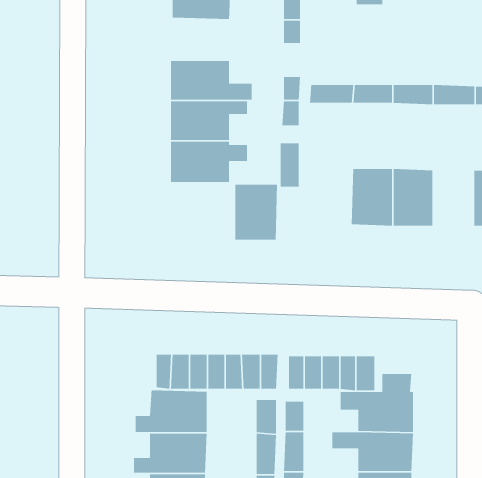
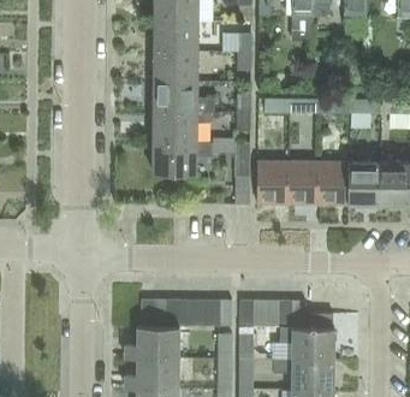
building: none -> [153,51,197,82]
building: none -> [349,164,379,206]
building: [234,184,278,240] -> [256,162,289,205]

